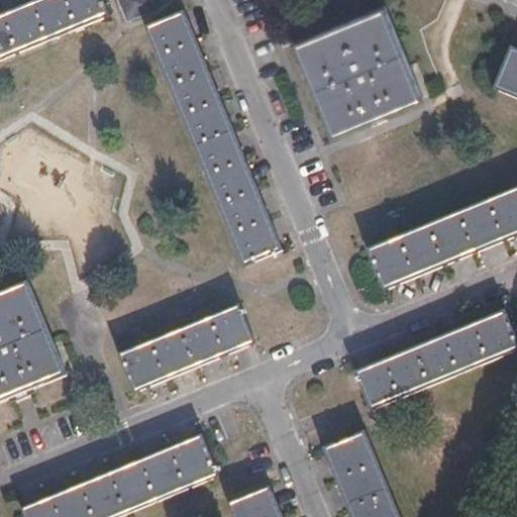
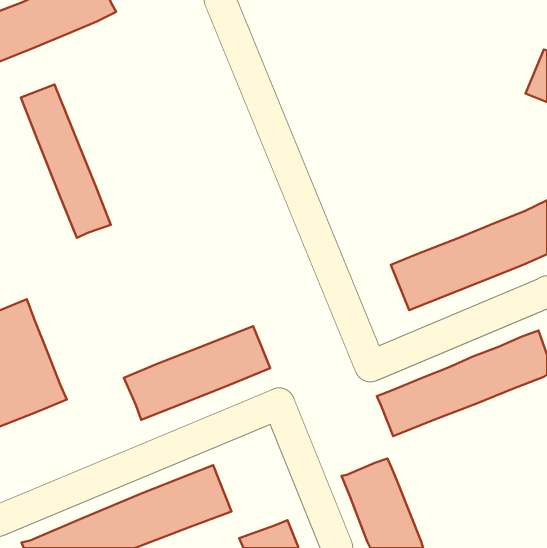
building: [296,4,420,132] -> none
building: [144,7,282,263] -> none
building: none -> [21,84,111,238]

